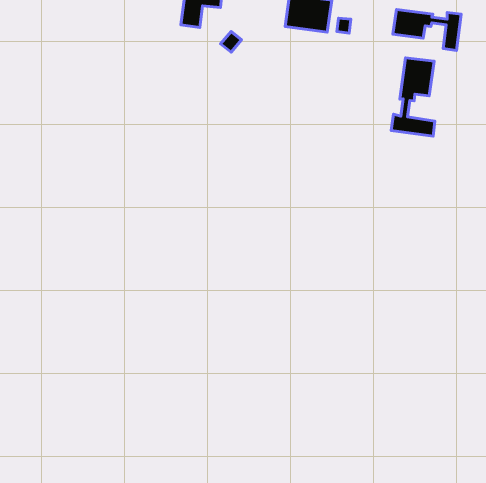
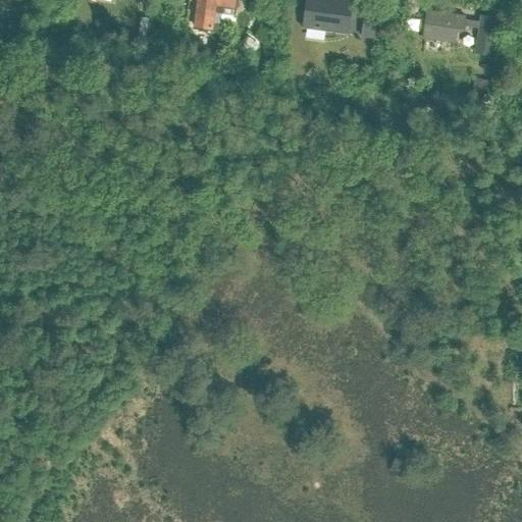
building: [391,58,435,136] -> none

